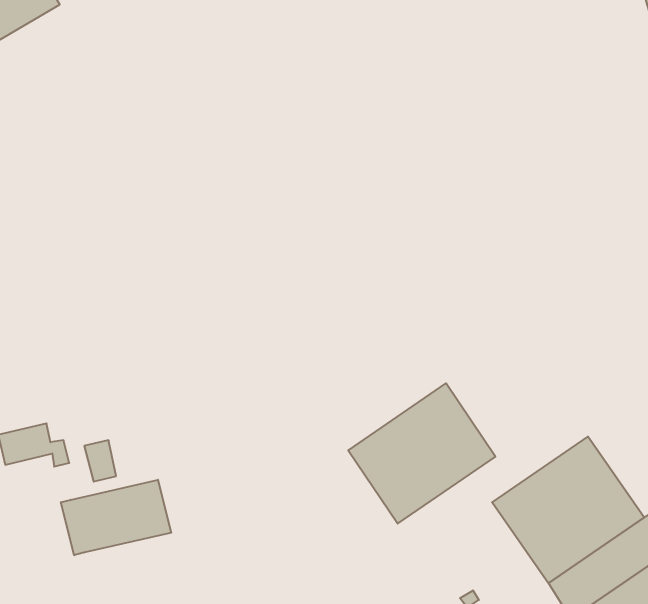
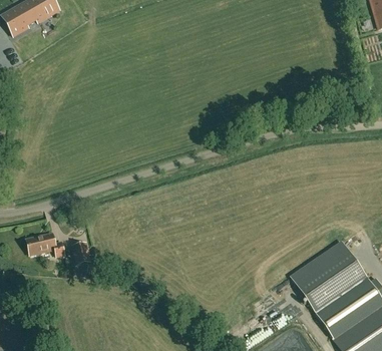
building: [348,383,495,524] -> none
building: [61,480,171,555] -> none

